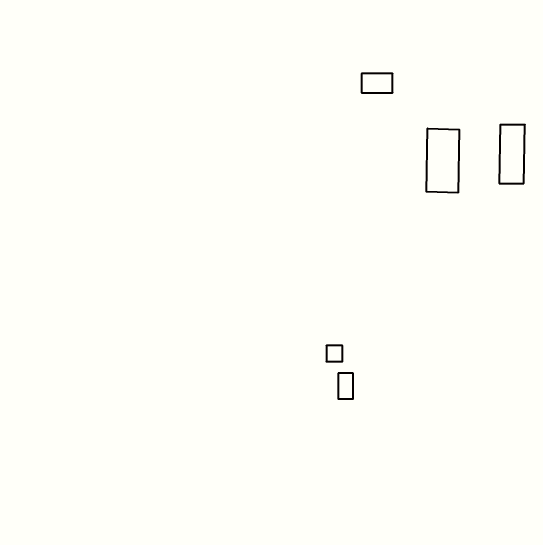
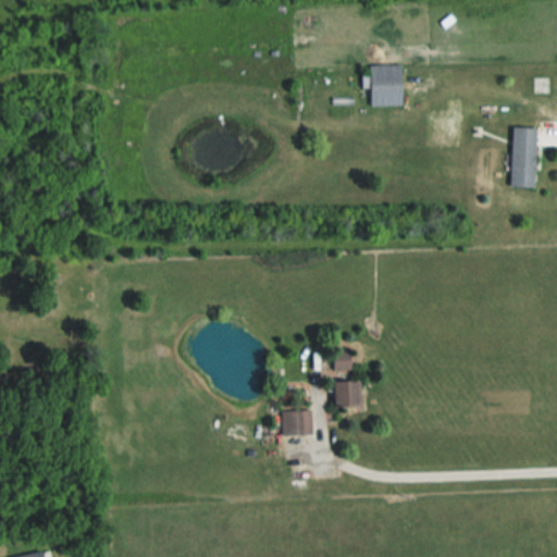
building: [426,128,459,193] -> none
building: none -> [283,410,312,435]

